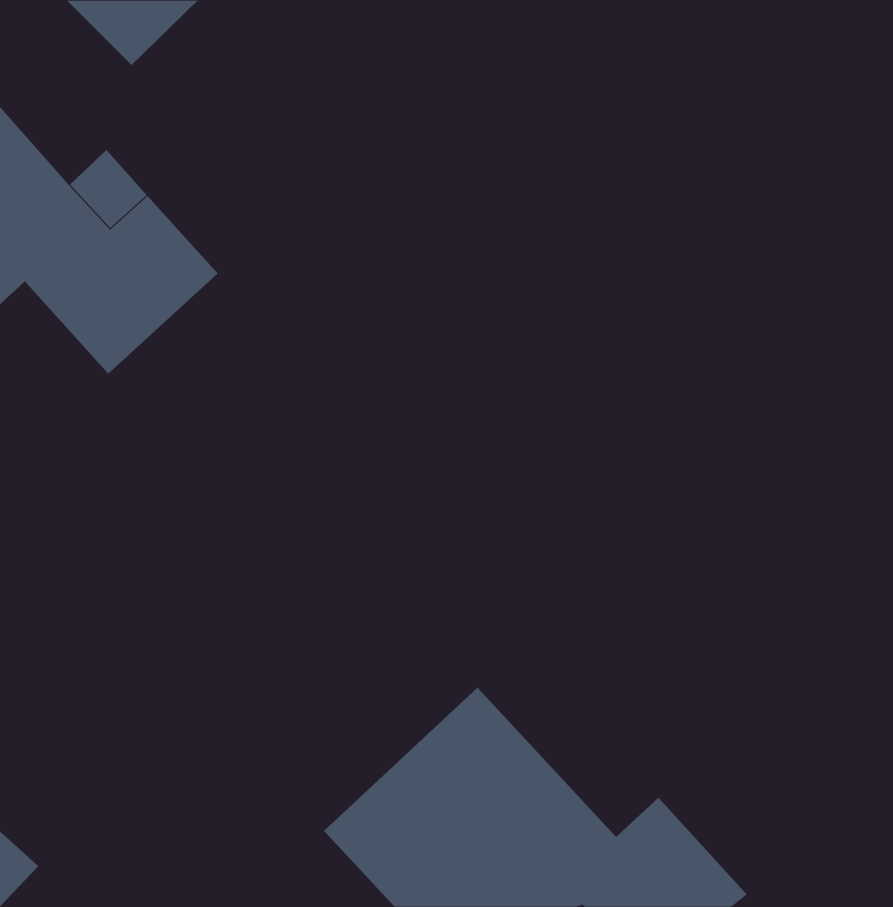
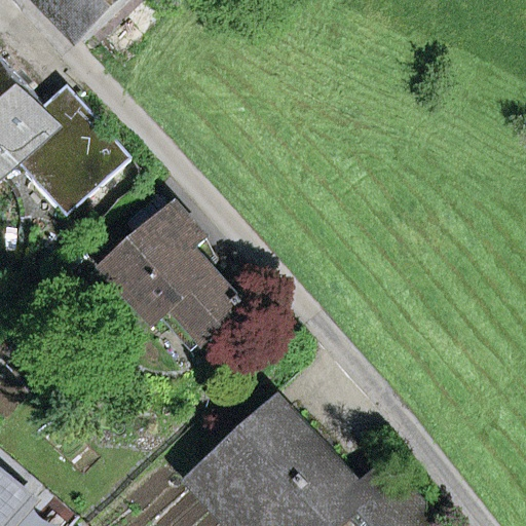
building: none -> [105,206,243,354]

